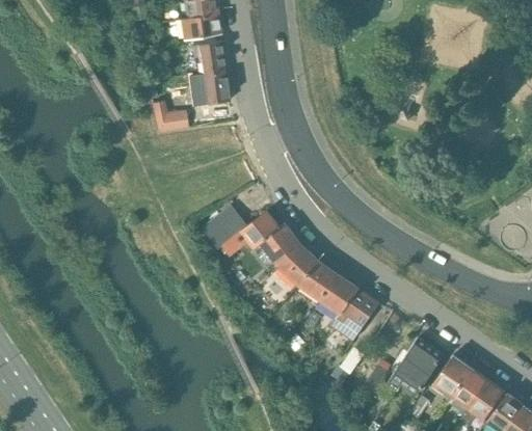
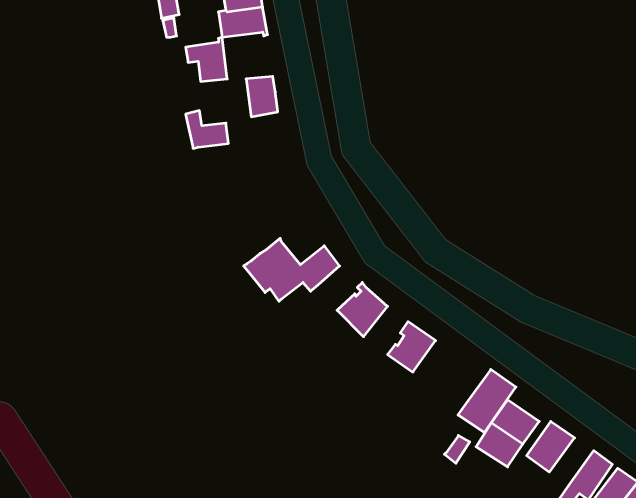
building: [190,37,224,74] -> [186,37,227,81]
building: [262,223,298,264] -> none
building: [299,261,336,300] -> none
building: [331,289,379,341] -> [458,369,516,433]
building: [452,369,488,408] -> none

